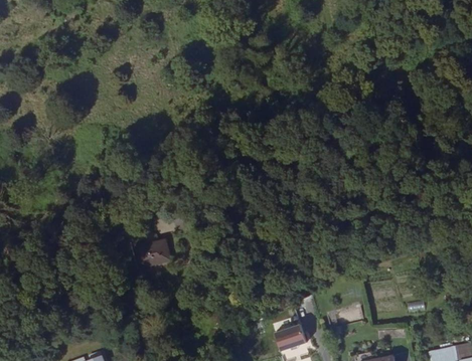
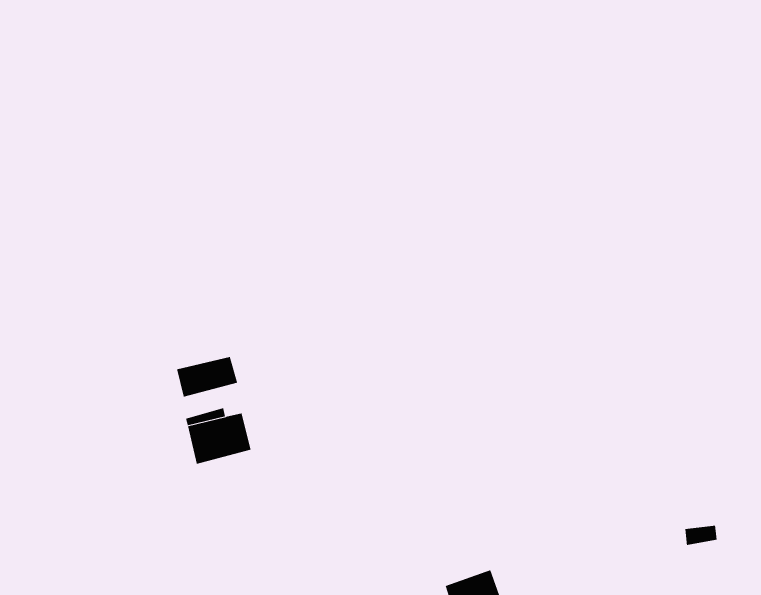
building: none -> [177,356,238,397]

